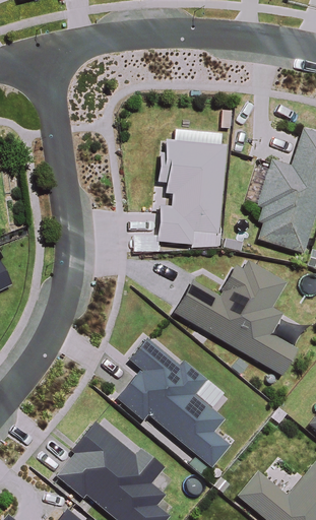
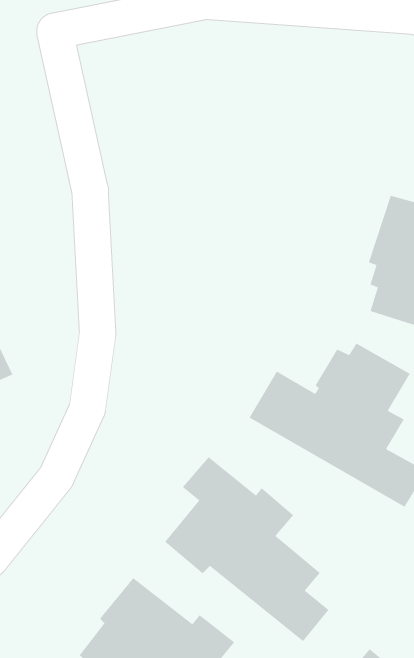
building: [156,127,229,247] -> none

